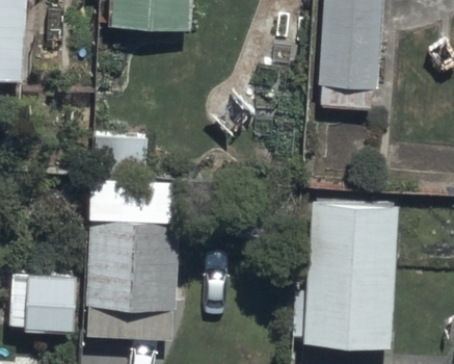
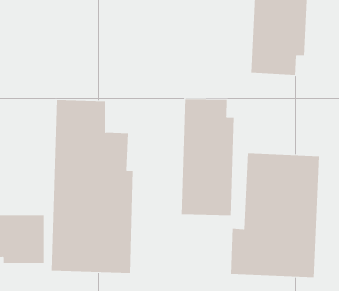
building: none -> [181,98,234,216]

